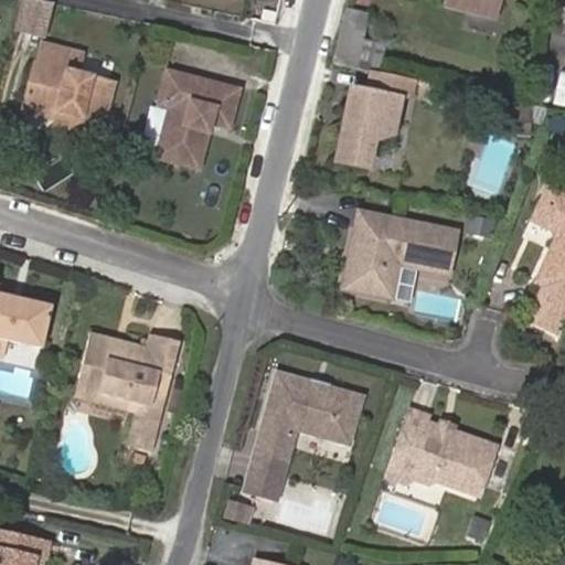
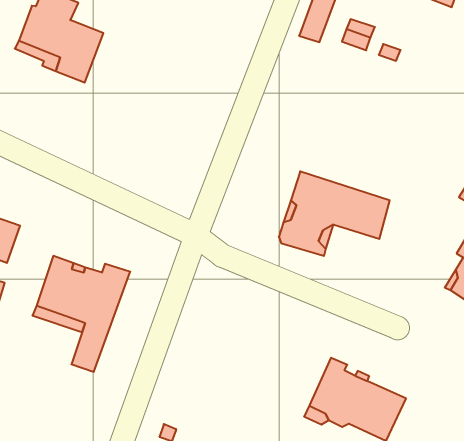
building: [330,67,405,166] -> none
building: [154,68,243,169] -> none
building: [248,374,361,499] -> none

